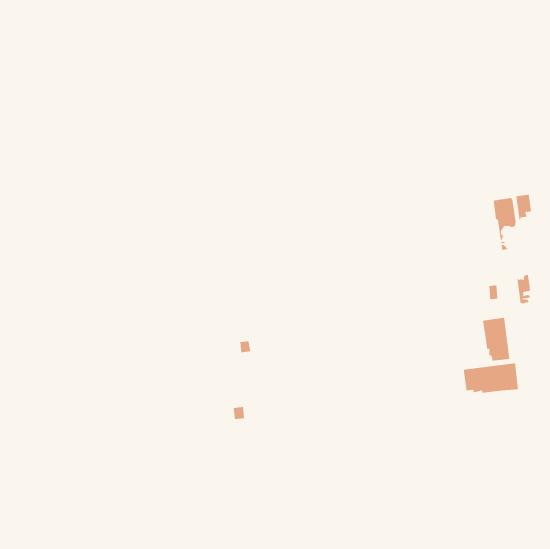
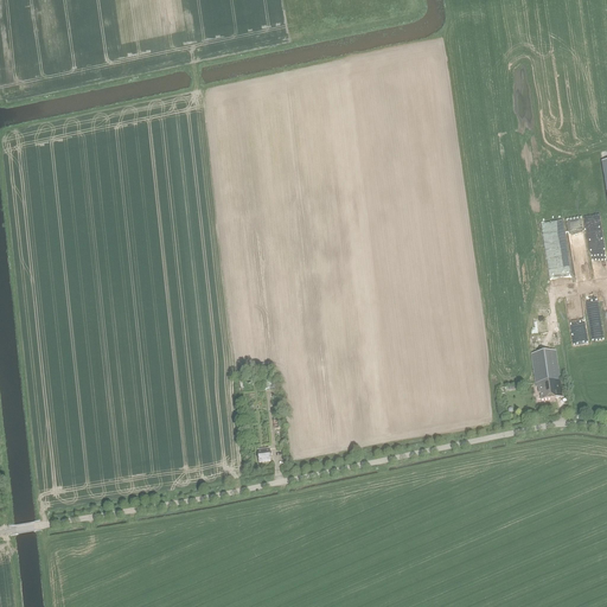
building: [463,362,518,394] -> none

